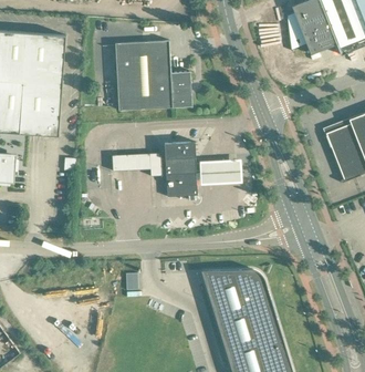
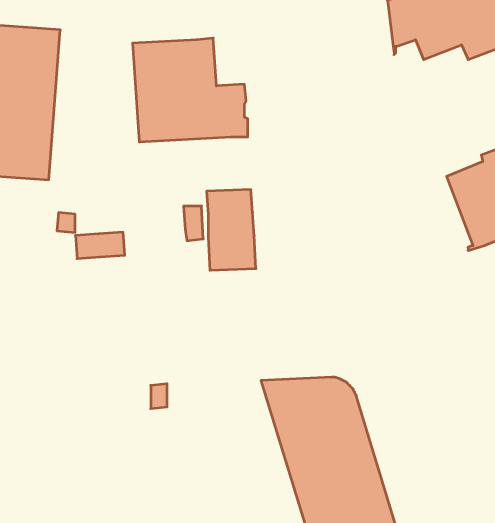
building: [116,153,149,171] -> [75,232,125,259]
building: [199,159,240,183] -> none

